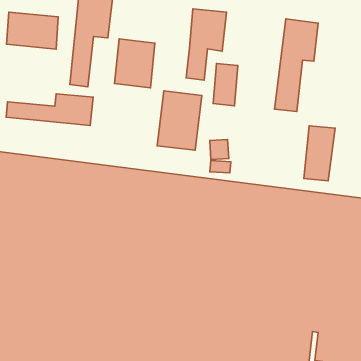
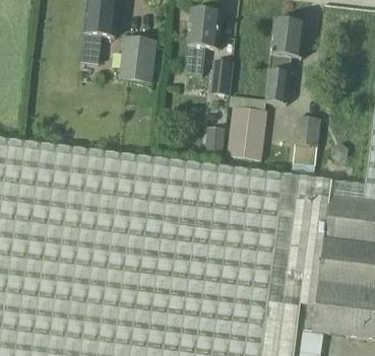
building: [7,12,58,49] -> none
building: [157,91,202,150] -> [227,105,267,159]
building: [6,94,93,125] -> none

